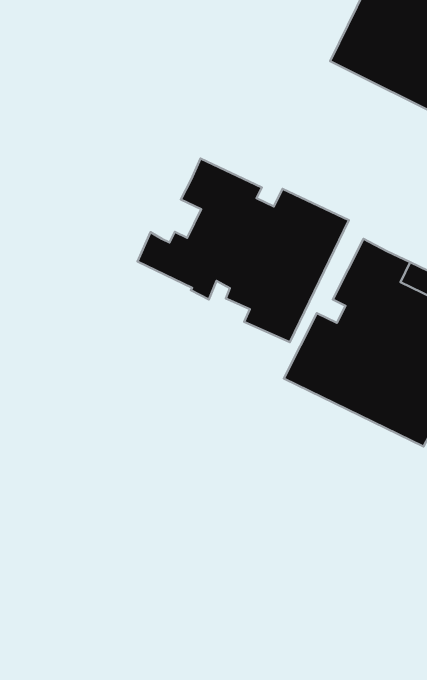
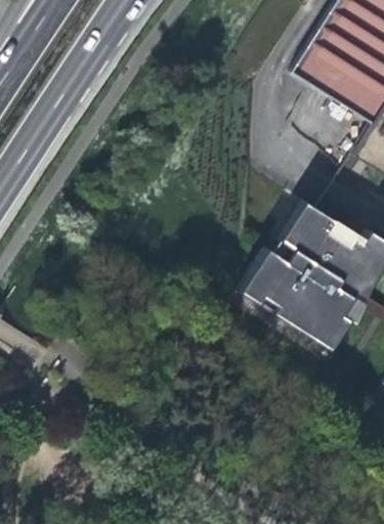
building: [138,158,349,342] -> none

